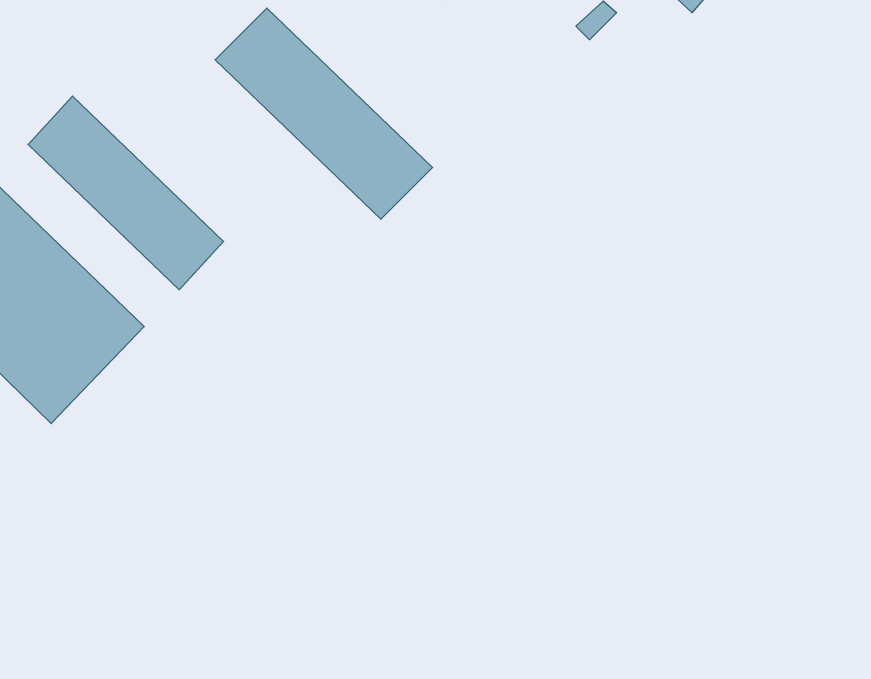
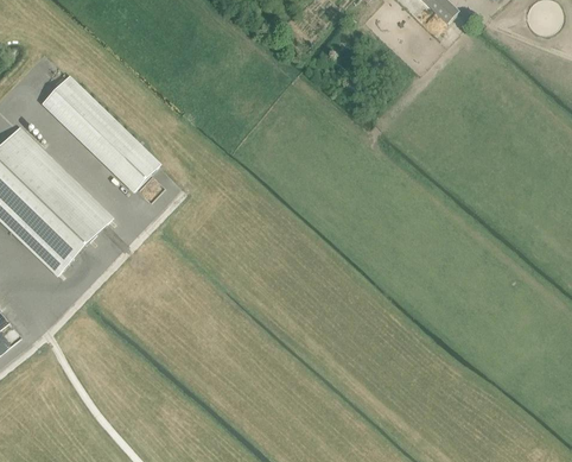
building: [215,8,433,219] -> none

